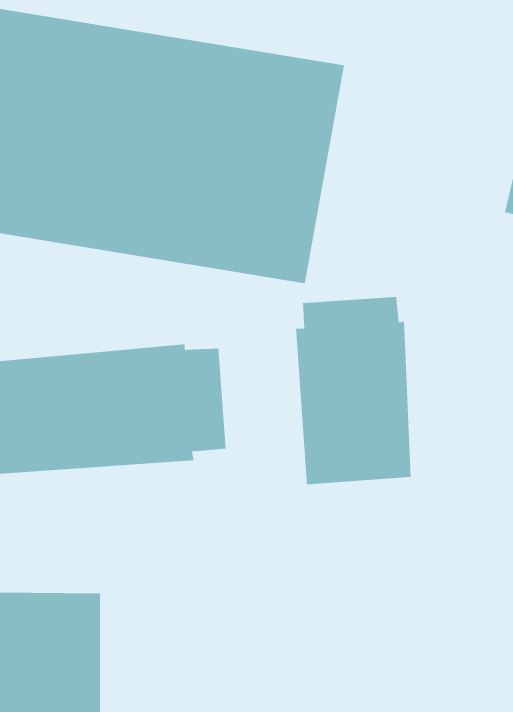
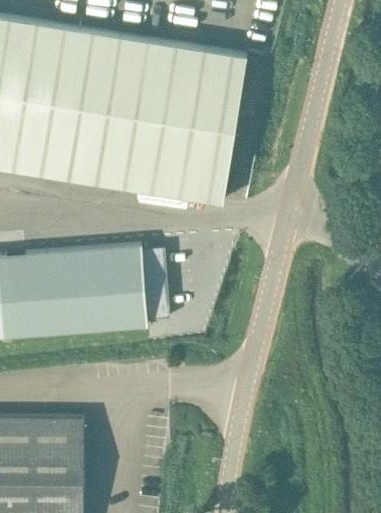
building: [295,296,411,485] -> none

